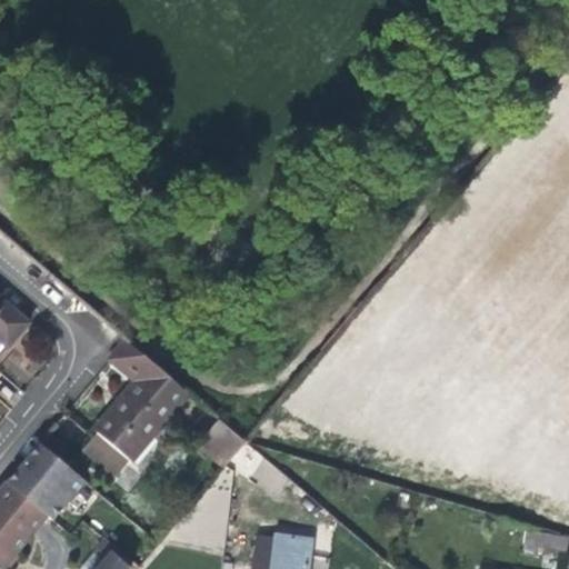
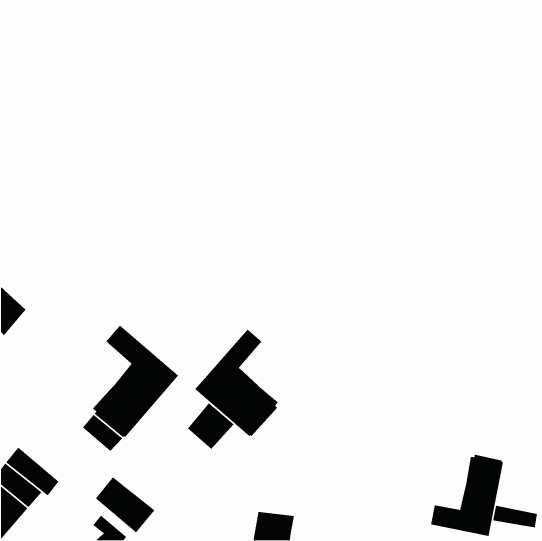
building: none -> [194,328,279,437]
building: [19,445,82,505] -> [95,476,155,533]
building: none -> [430,454,504,537]

